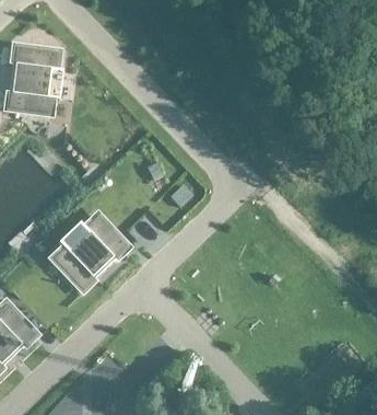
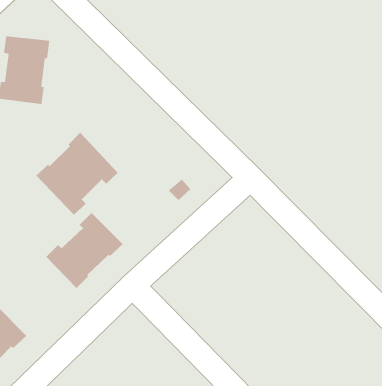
building: none -> [36,132,119,215]

